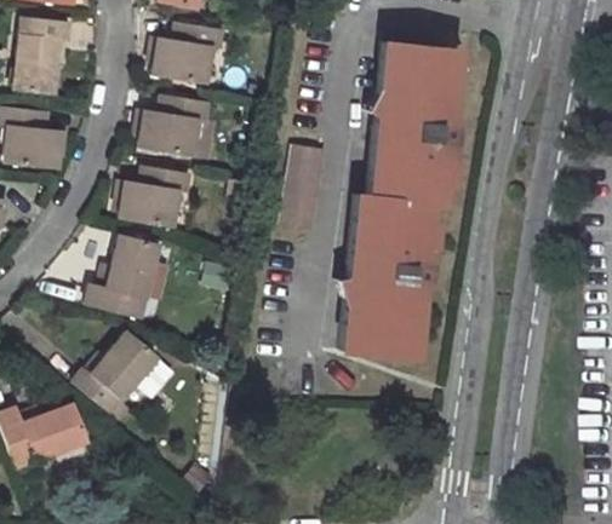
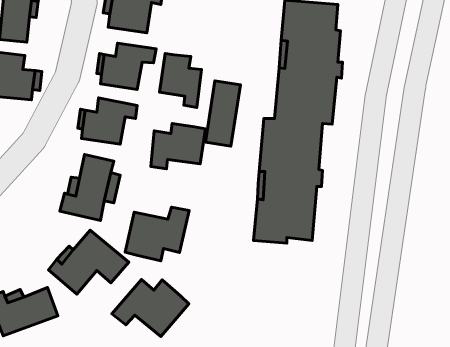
building: none -> [159,54,201,108]
building: none -> [151,123,206,169]
building: none -> [125,207,189,261]
building: none -> [112,280,189,337]

